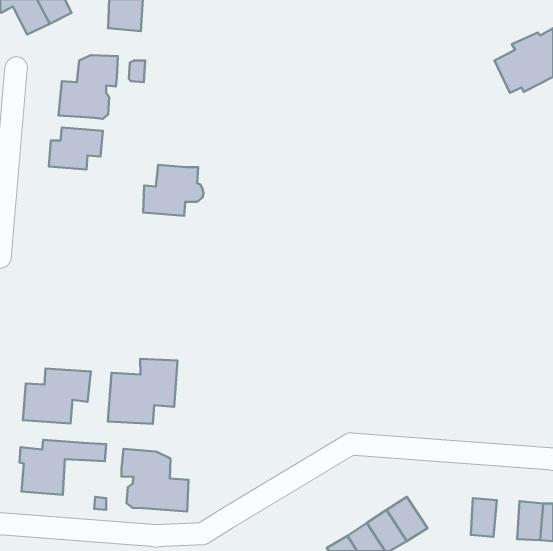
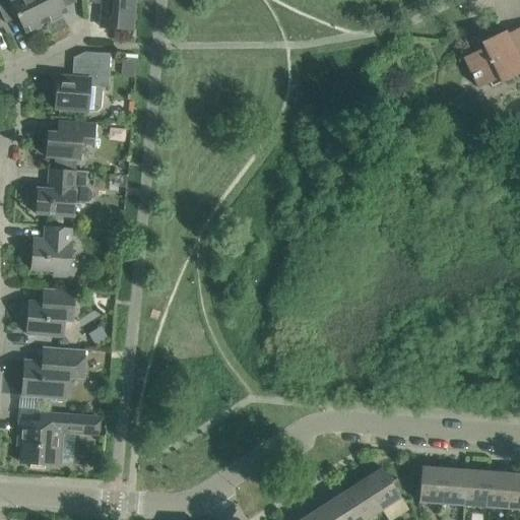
building: [143,165,204,216] -> [36,169,92,216]
building: none -> [30,226,72,276]
building: none -> [26,288,75,336]
building: [108,359,177,424] -> none
building: [122,449,188,512] -> none
building: none -> [418,466,444,503]
building: none -> [463,470,488,507]

